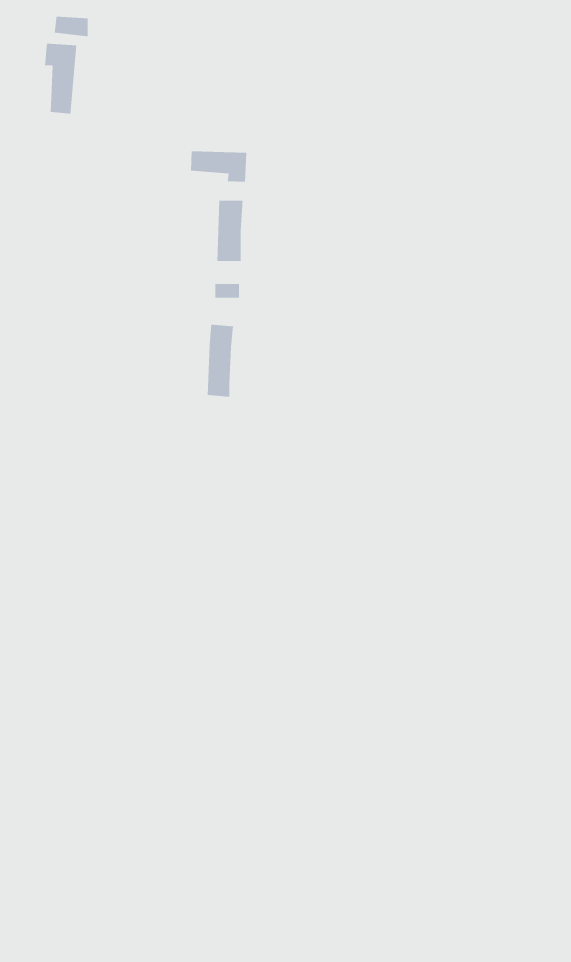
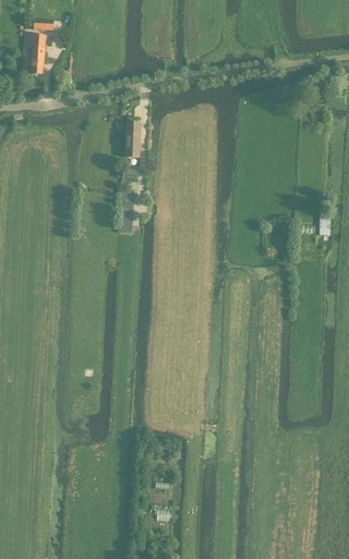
building: [190,151,247,182] -> none

